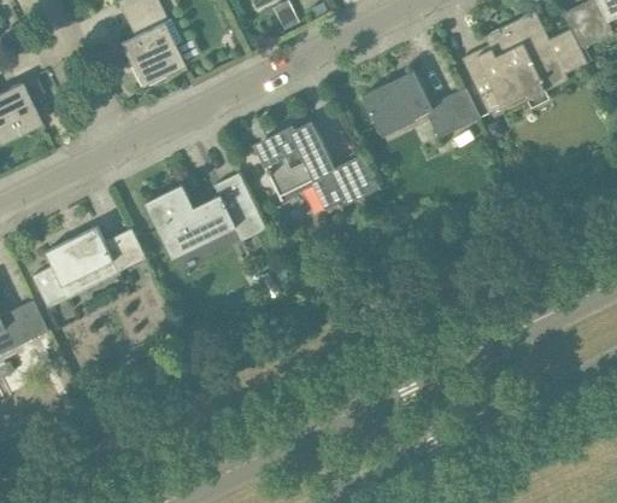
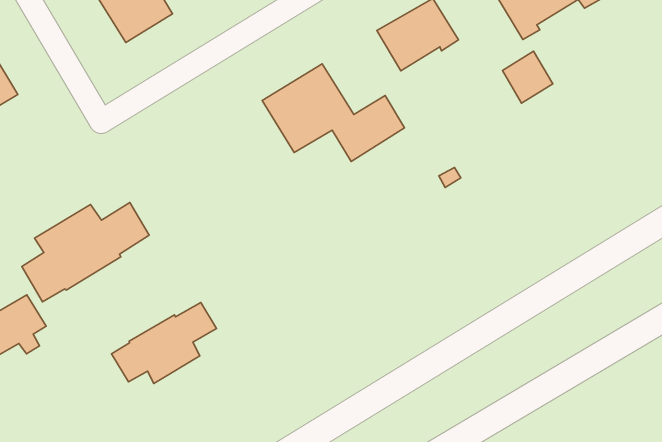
building: [437,88,481,133] -> [502,51,553,103]
building: [147,174,268,258] -> none
building: none -> [112,303,217,383]

